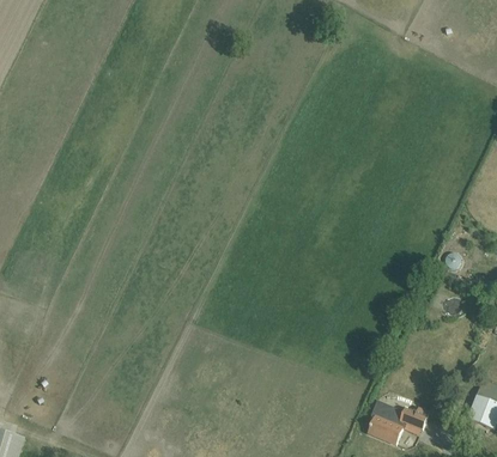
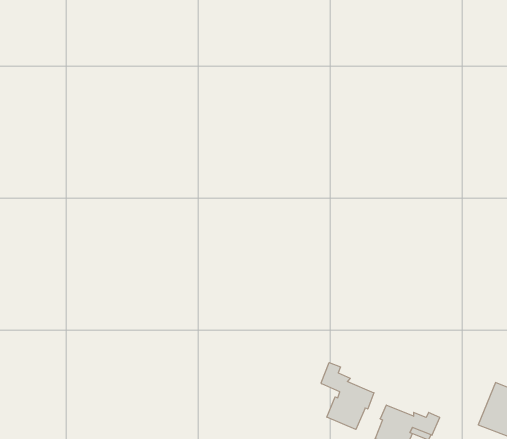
building: none -> [321,363,374,429]

